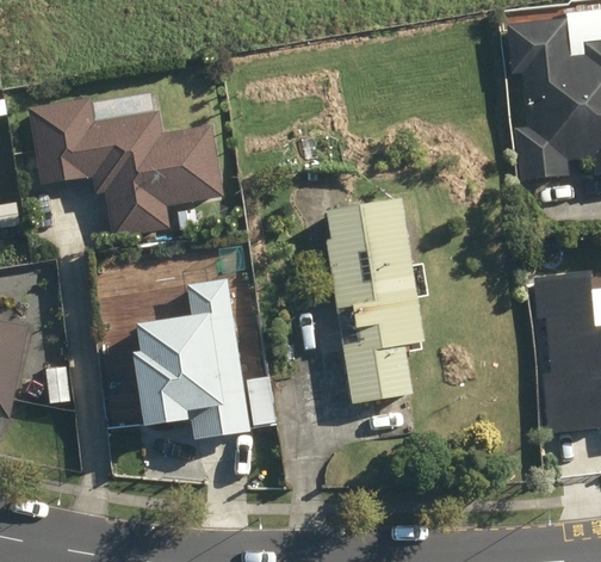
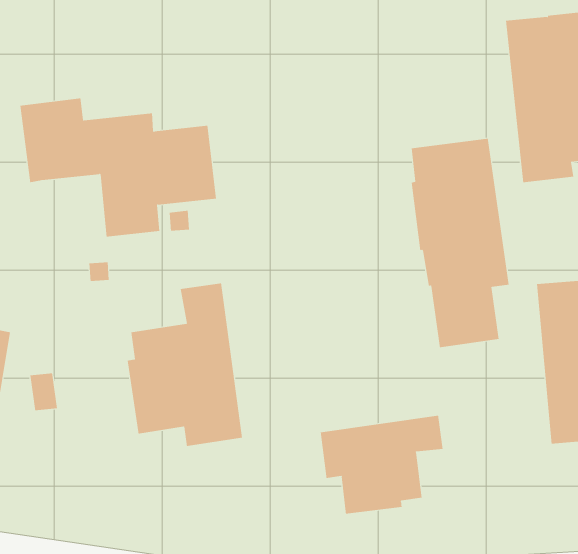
building: [327,199,422,402] -> [411,138,510,348]
building: none -> [320,415,443,514]

